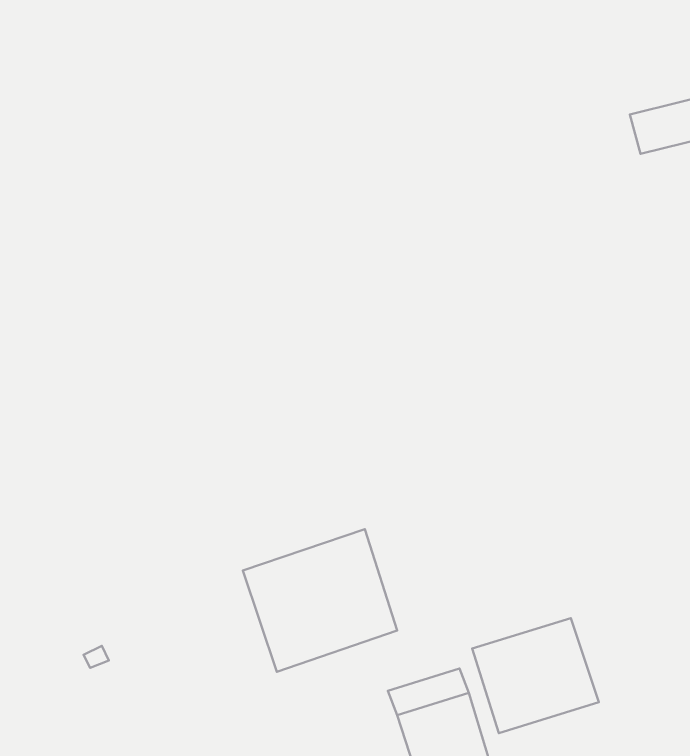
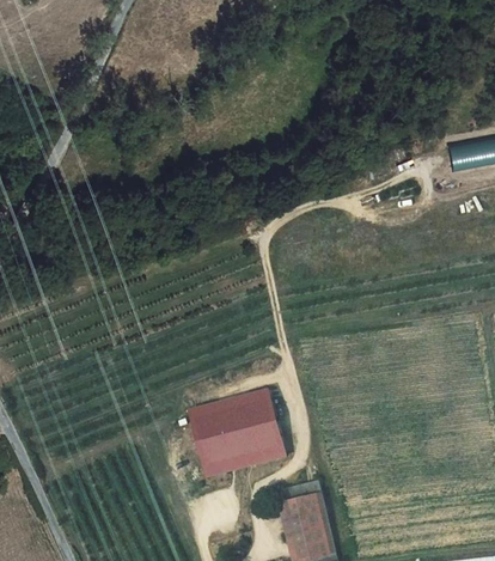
building: [472,618,599,733] -> none

